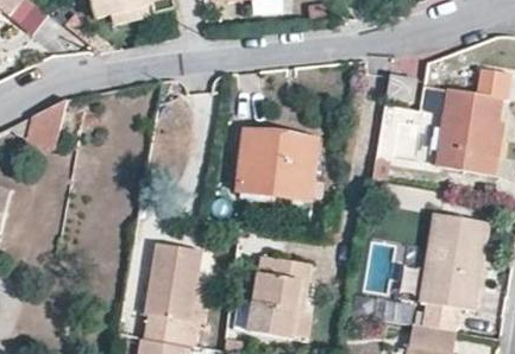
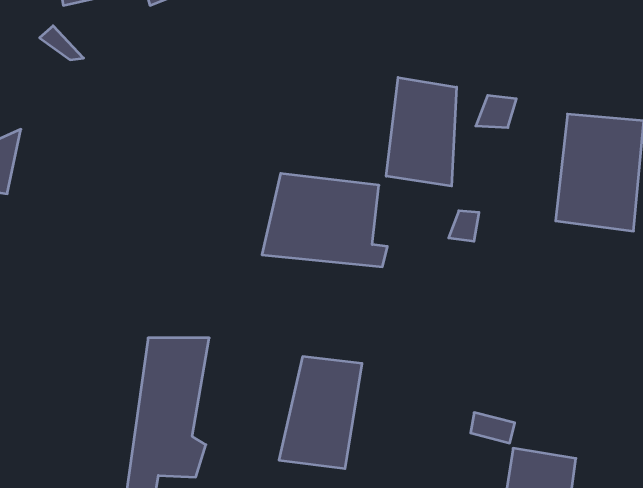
building: none -> [386,77,457,186]
building: [420,214,488,309] -> none

